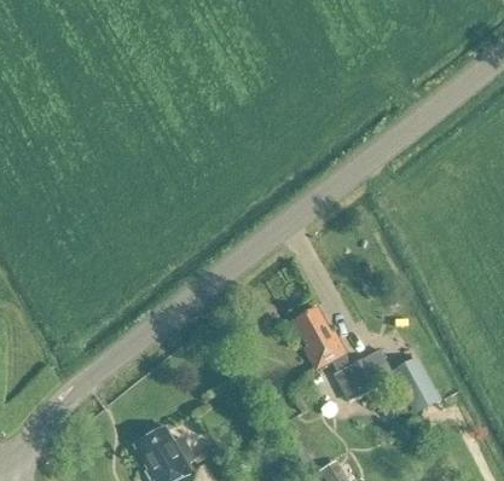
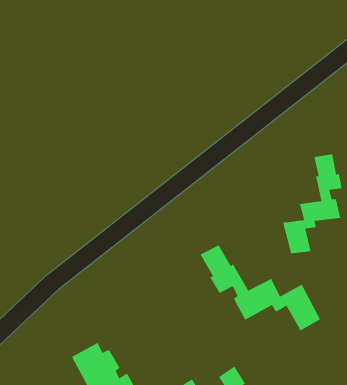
building: none -> [283,154,342,254]

